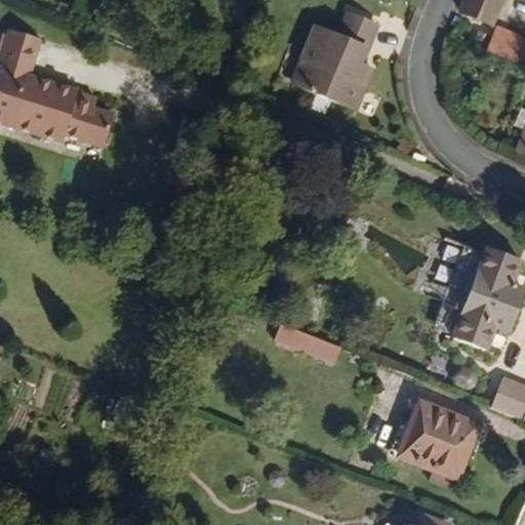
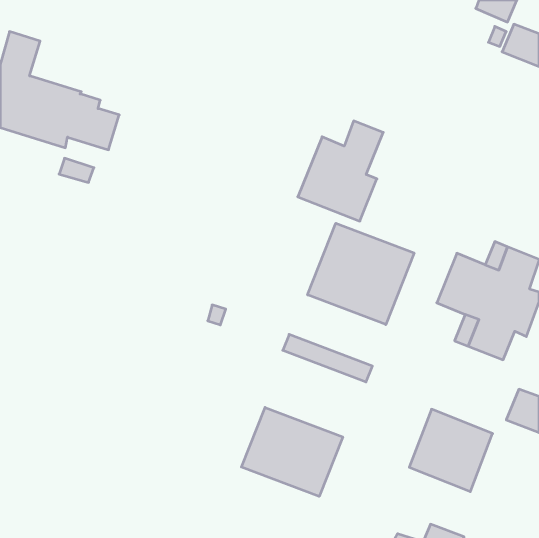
building: [293,10,376,108] -> [298,121,383,221]
building: none -> [308,223,414,325]
building: none -> [241,407,343,496]

